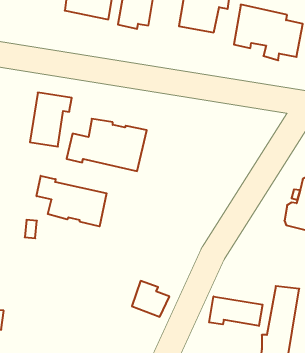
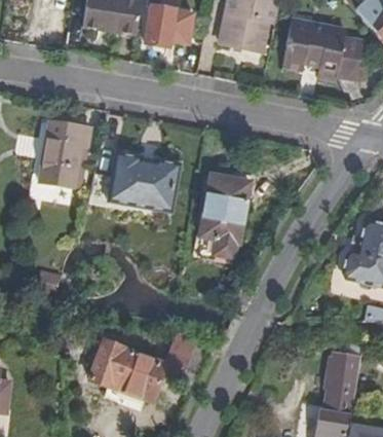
building: none -> [192,173,251,260]
building: [37,176,107,226] -> none
building: none -> [90,338,164,401]
building: [209,296,263,326] -> none

